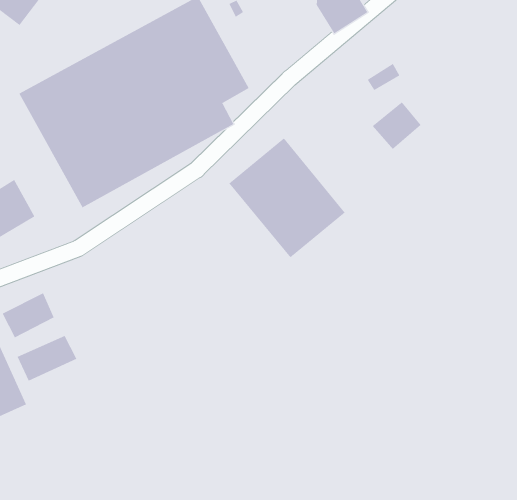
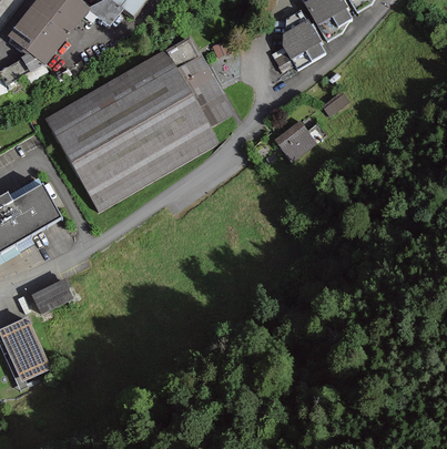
building: [372,101,422,150] -> [275,122,315,161]
building: [229,138,346,258] -> none
building: [17,335,77,381] -> none

